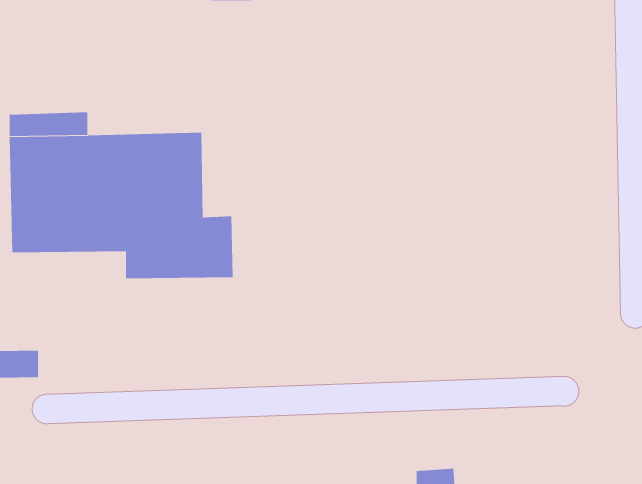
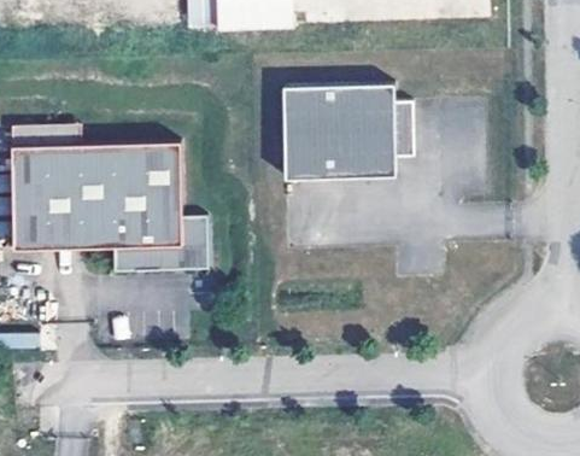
building: none -> [282,83,414,179]

